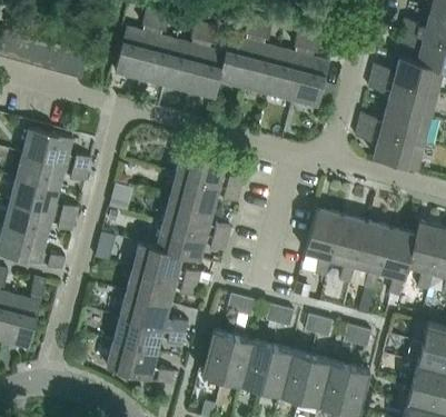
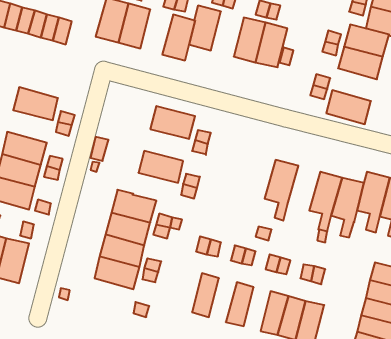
building: [165,41,201,91] -> none
building: [244,43,280,93] -> none
building: [379,107,429,143] -> none
building: [16,153,67,190] -> none
building: [169,175,219,210] -> none
building: [329,216,366,284] -> none
building: [156,224,207,260] -> none
building: [201,330,234,379] -> none
building: [107,341,157,379] -> none
building: [241,341,272,390] -> none
building: [280,351,310,400] -> none

